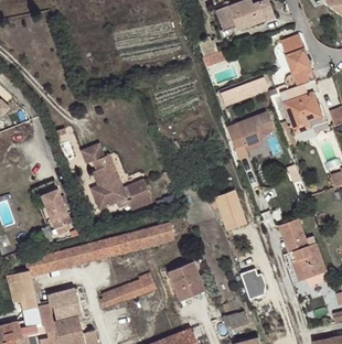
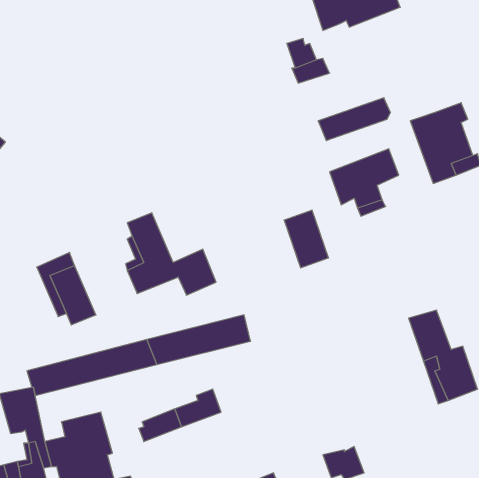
building: [280,34,313,90] -> none
building: [215,191,245,229] -> [284,210,329,268]
building: [168,261,205,300] -> none
building: [239,269,265,300] -> none

